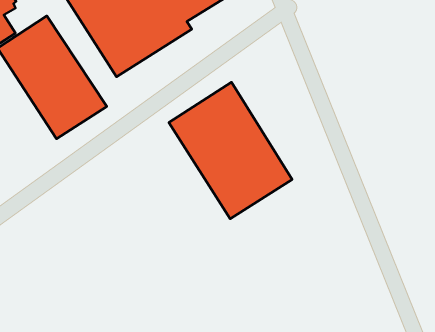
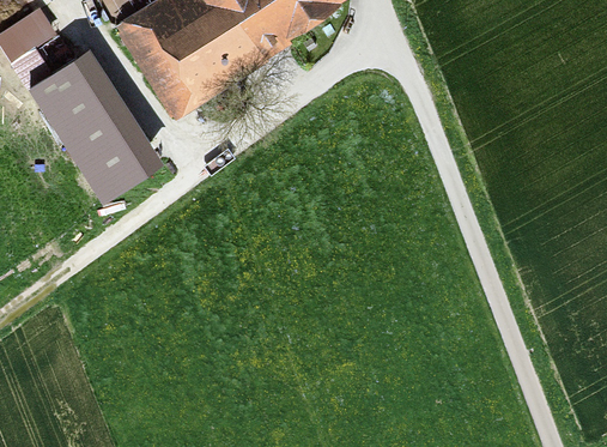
building: [169,82,292,219] -> none

